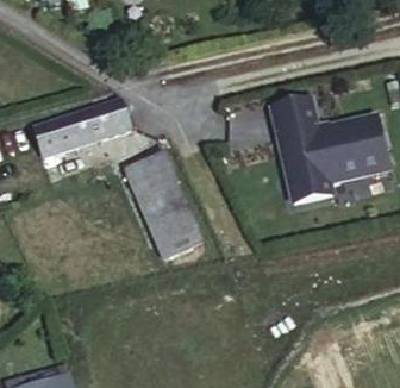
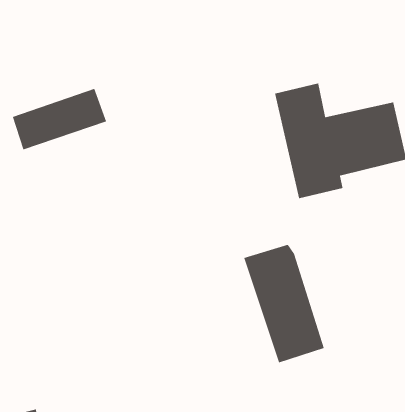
building: [129,152,200,257] -> [243,244,325,363]

